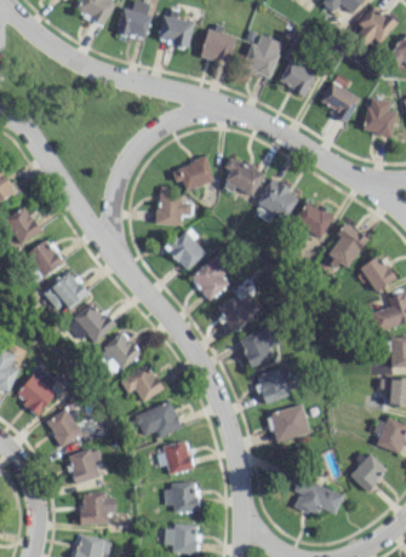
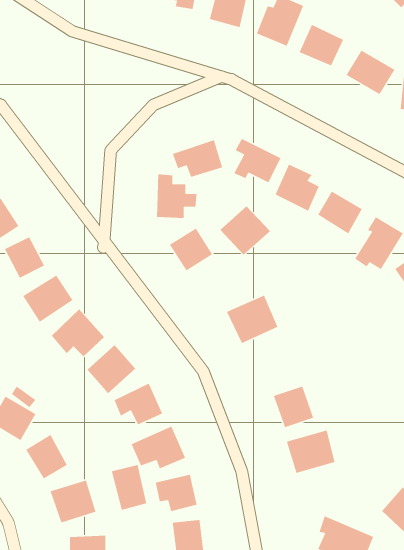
building: [190,258,234,300] -> [219,206,271,255]
building: [239,325,279,368] -> none
building: none -> [111,464,147,511]

